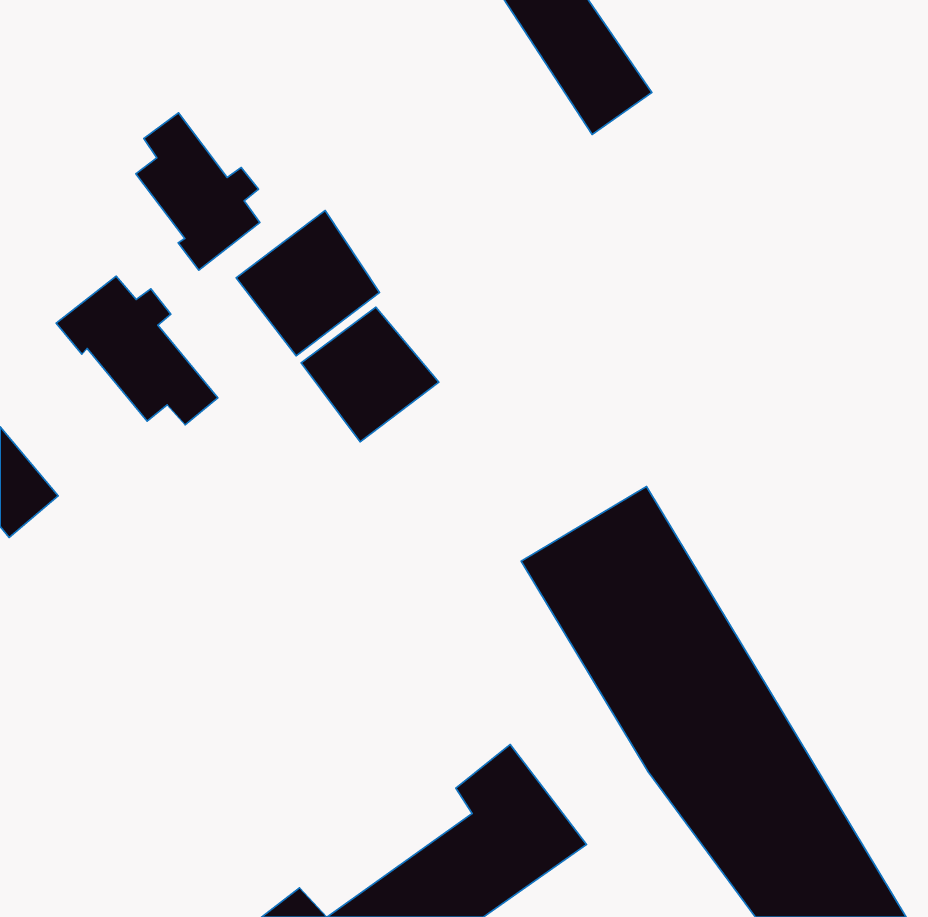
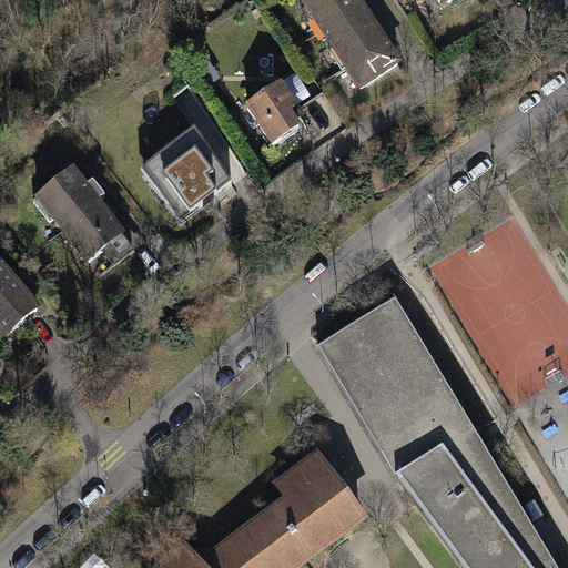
building: [136,113,260,270] -> none
building: none -> [246,81,298,141]
building: [301,307,439,442] -> none

